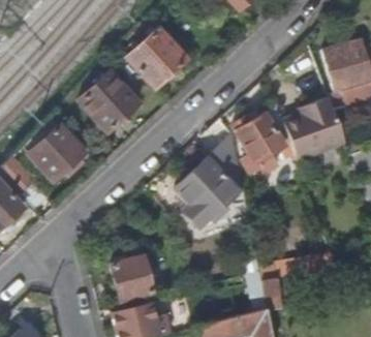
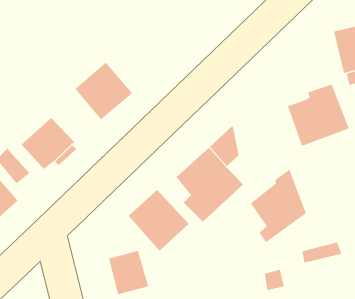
building: [124,26,185,86] -> none
building: [239,95,295,168] -> [250,168,307,243]
building: none -> [128,189,189,252]

